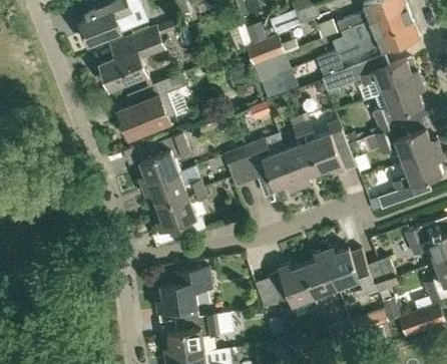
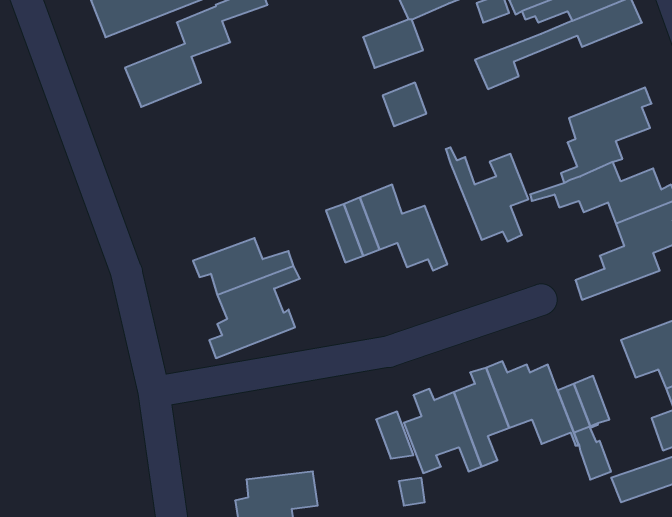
building: [321,56,421,97] -> none
building: [117,72,188,137] -> none
building: [285,115,320,187] -> none
building: [138,133,190,185] -> none
building: [155,267,211,311] -> none

